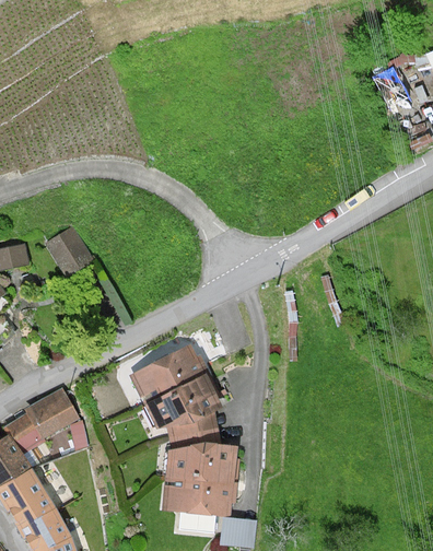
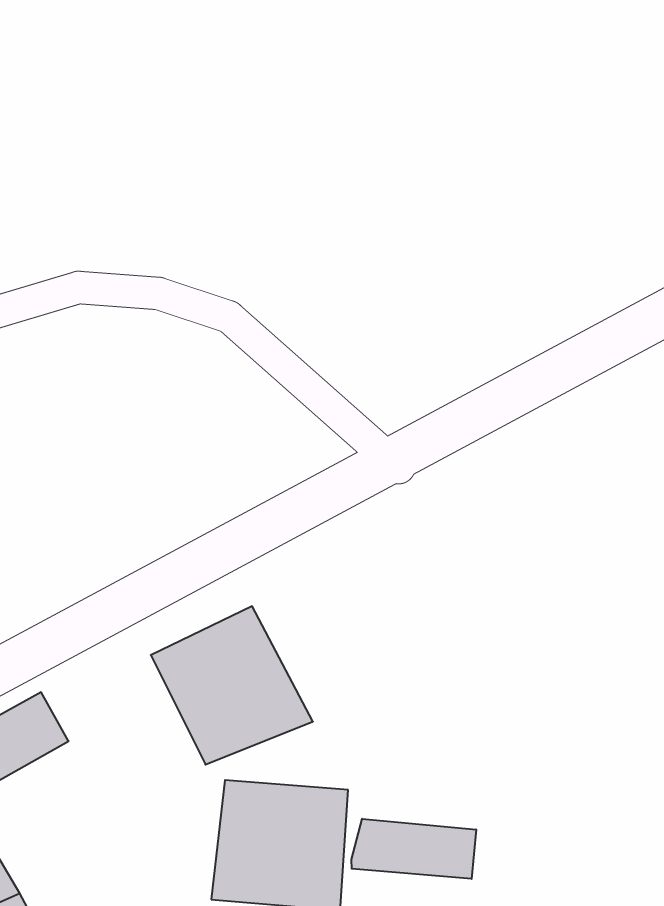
building: [48,228,91,269] -> none
building: none -> [351,819,476,879]

